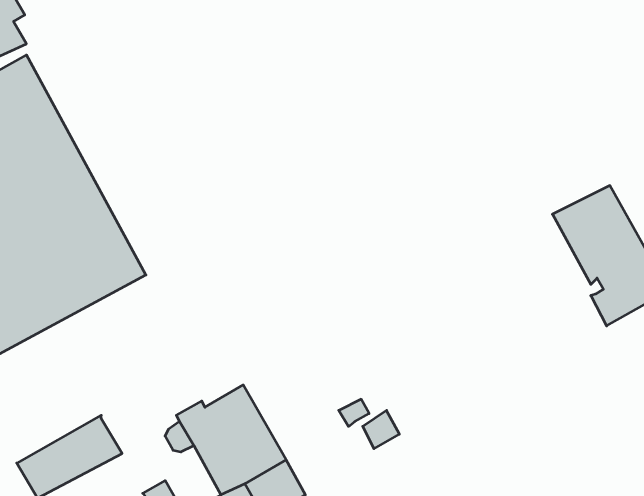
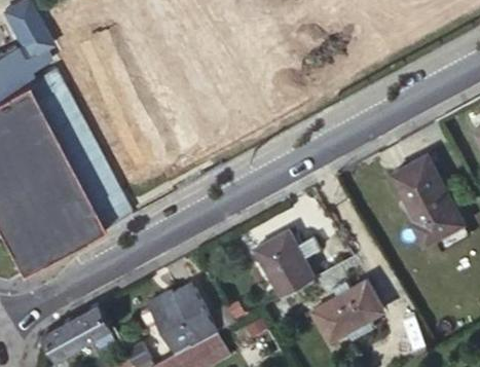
building: none -> [256,232,319,297]
building: none -> [313,282,383,344]

